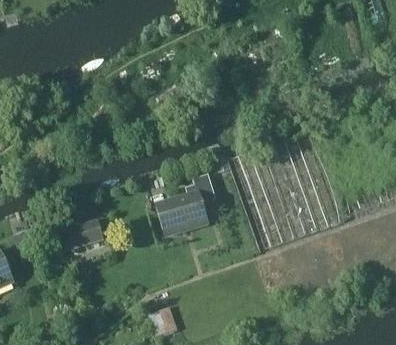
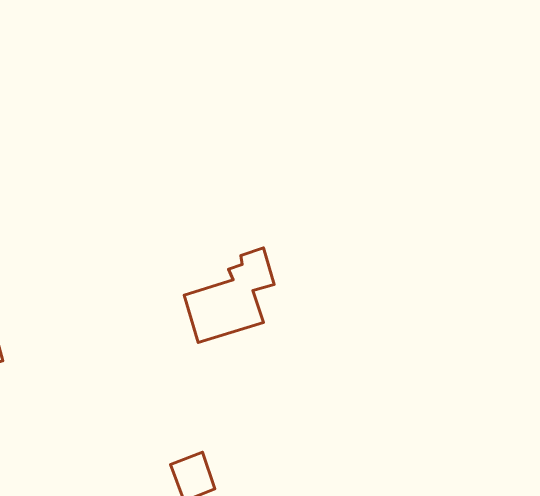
building: [67,219,103,247] -> none

